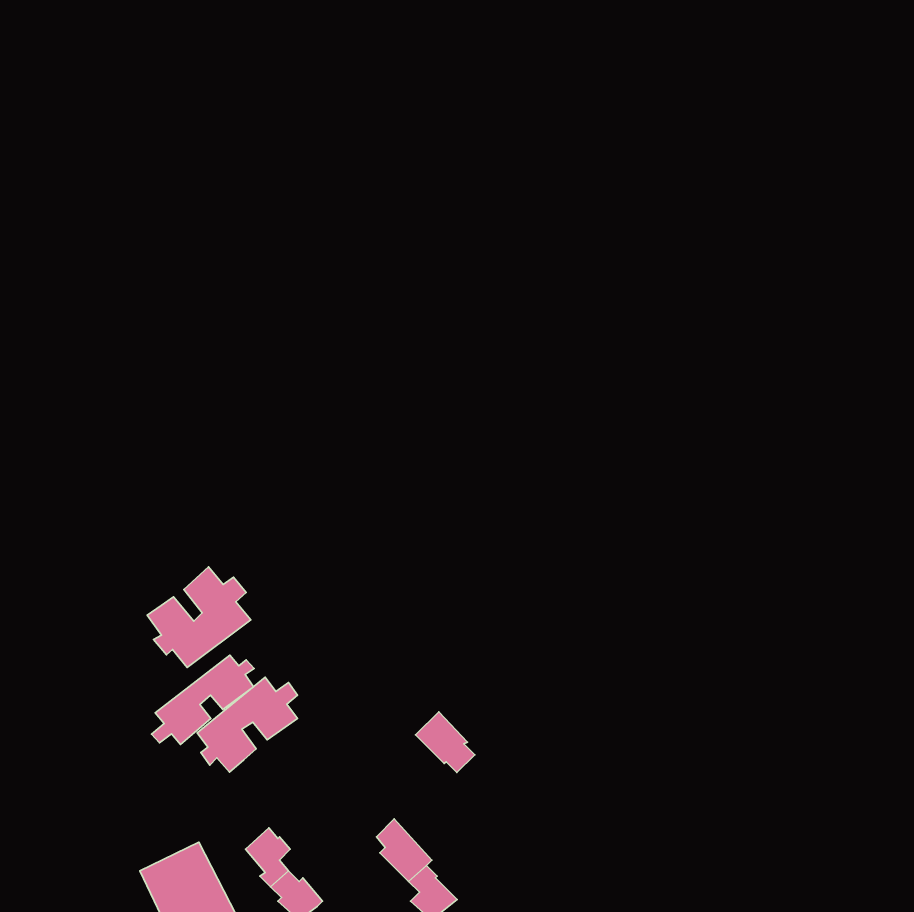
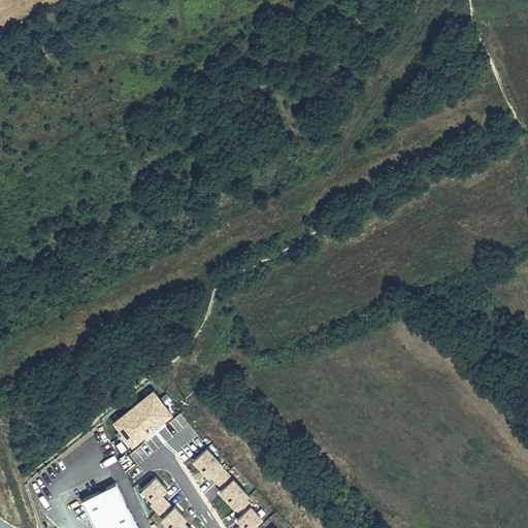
building: [147,567,251,667] -> none
building: [151,655,254,745] -> none
building: [416,712,475,773] -> [193,449,227,484]

